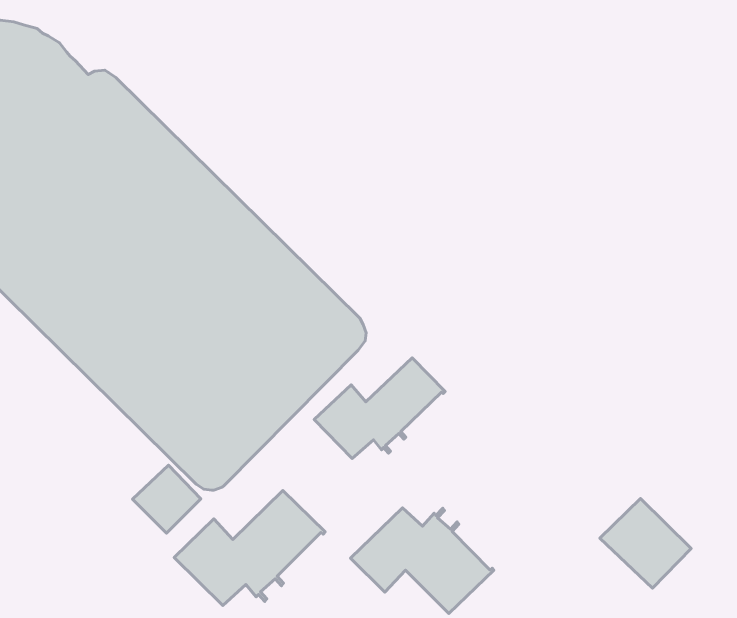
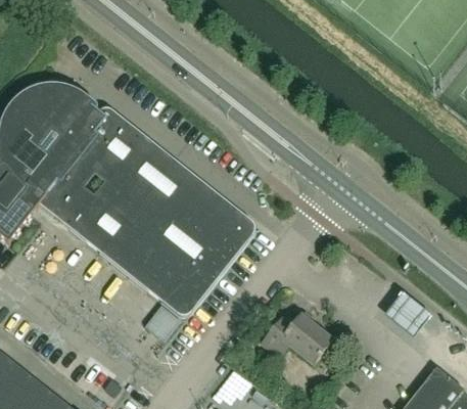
building: [314,358,445,459] -> none
building: [174,491,325,606] -> none

